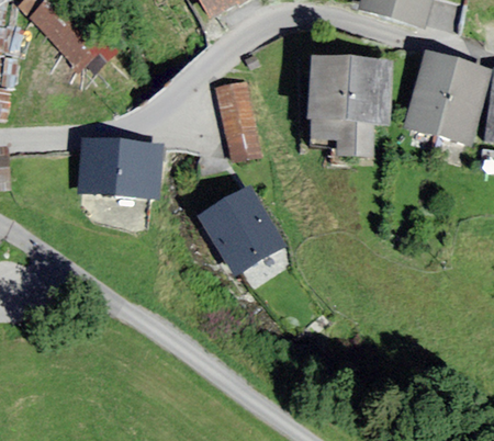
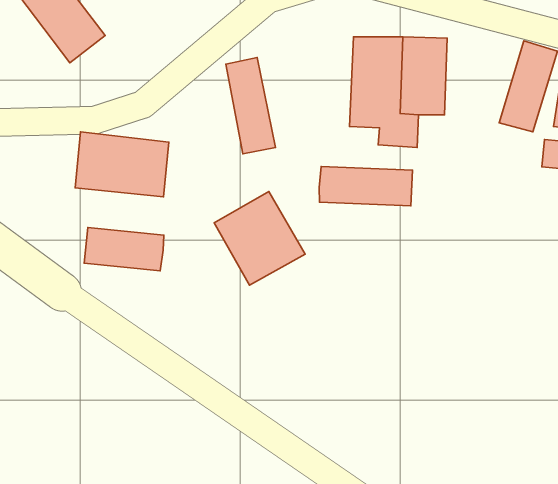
building: [404,52,460,132] -> none
building: none -> [319,166,413,206]
building: none -> [84,227,164,271]

